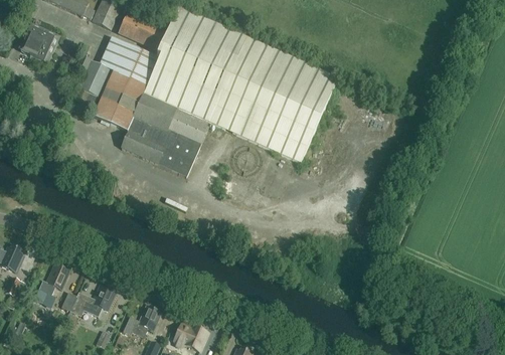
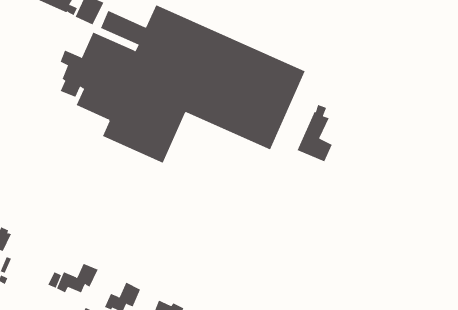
building: [22,23,59,63] -> none
building: none -> [297,104,333,162]
building: [34,263,70,306] -> none

